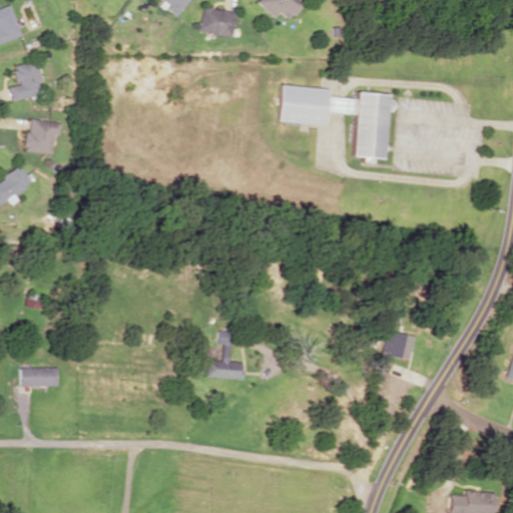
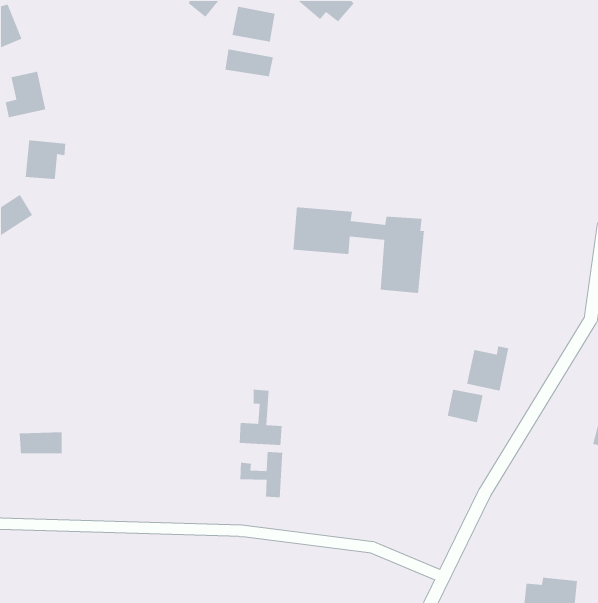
building: none -> [225,49,274,77]
building: [278,84,390,158] -> [292,206,425,294]
building: none -> [466,345,509,391]
building: none -> [239,451,283,498]

